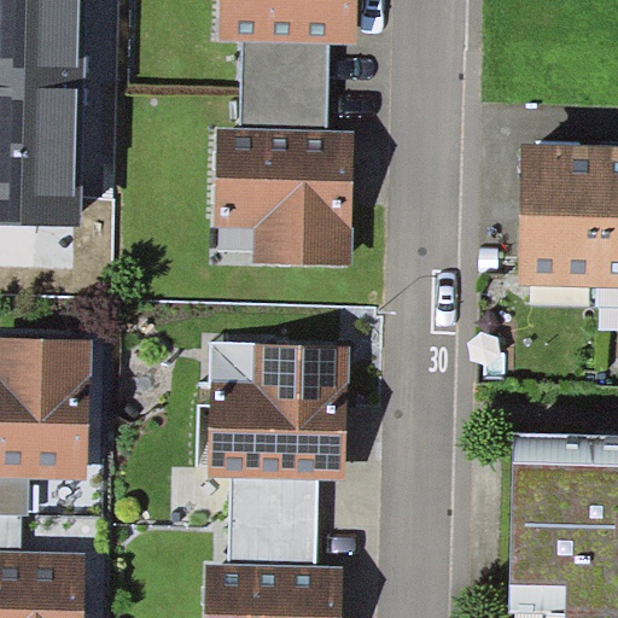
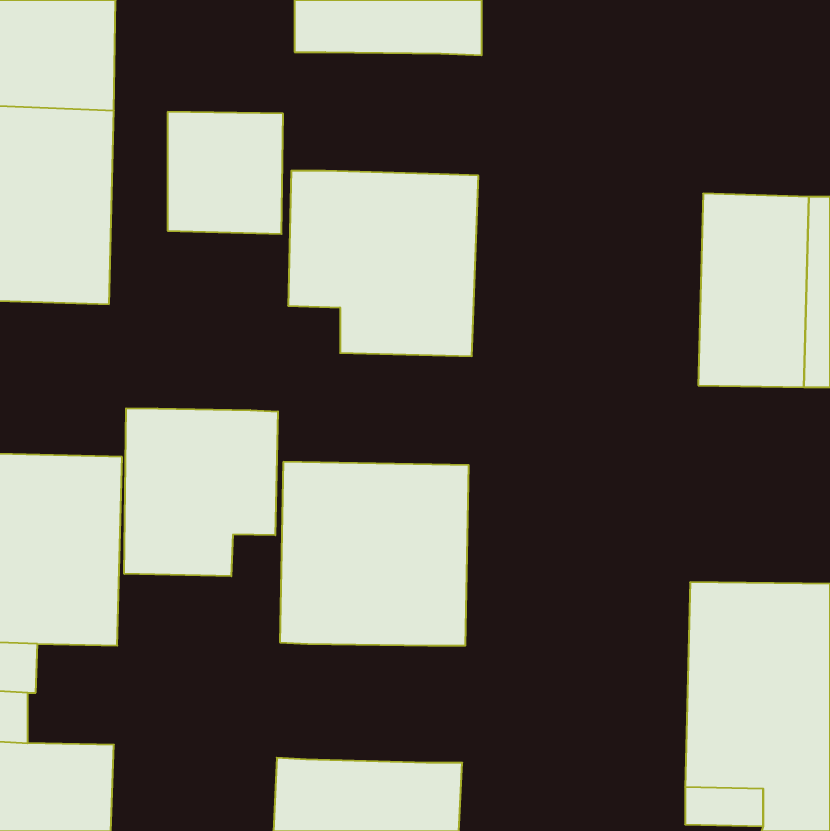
building: [241,39,327,129] -> [168,112,283,234]
building: none -> [124,408,278,576]
building: [227,478,317,566] -> none

